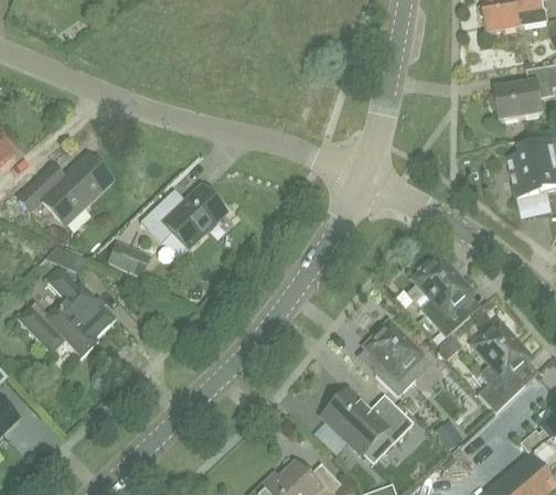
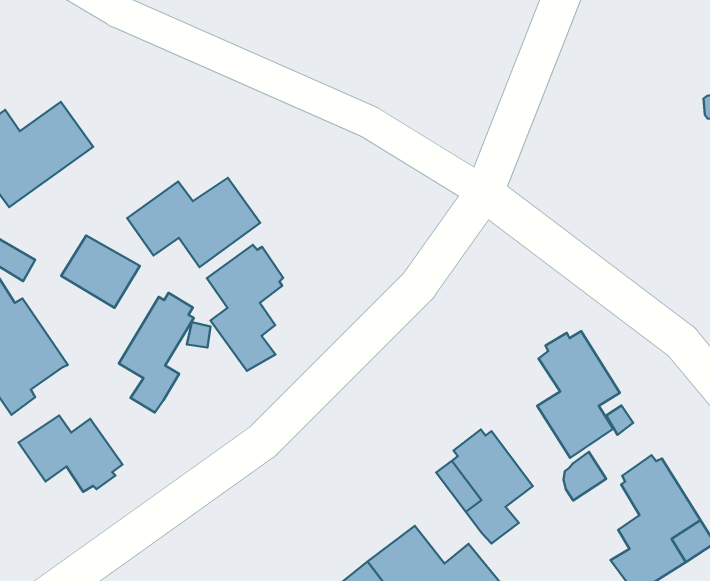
building: none -> [207,245,283,371]
building: none -> [119,293,194,413]
building: none -> [18,416,123,492]

